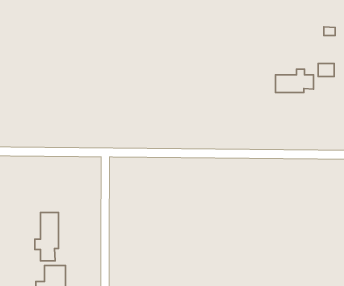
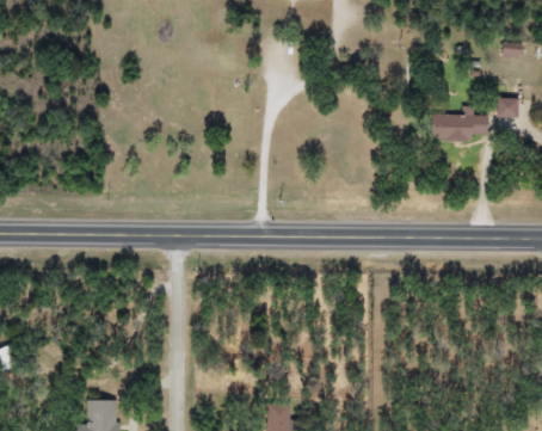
building: [35,213,59,261] -> none

